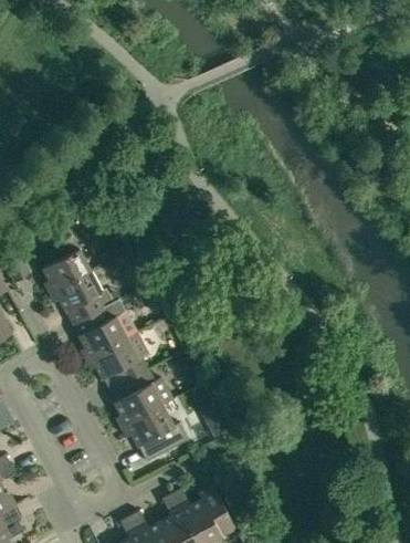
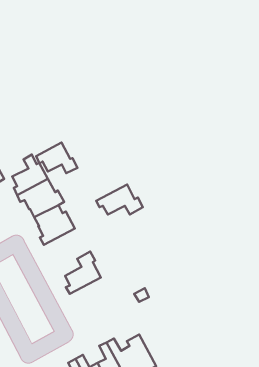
building: none -> [36,143,77,173]
building: [86,340,149,380] -> [96,185,143,215]
building: [122,406,189,462] -> none

